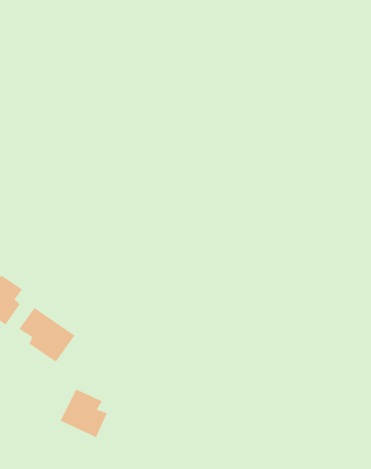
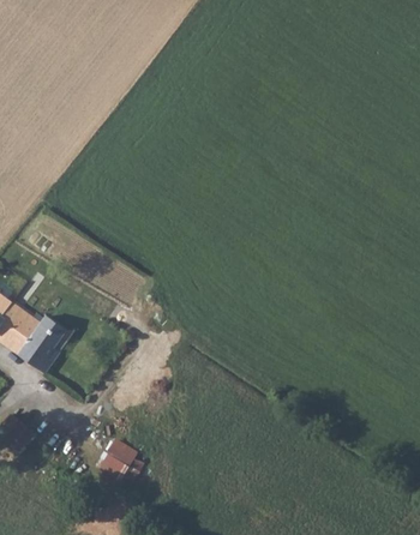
building: [18,307,75,363] -> none

